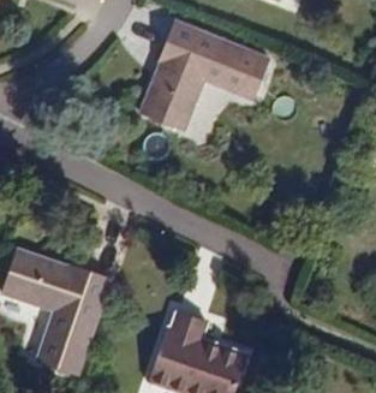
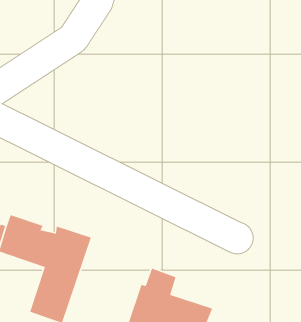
building: [138,22,269,129] -> none

